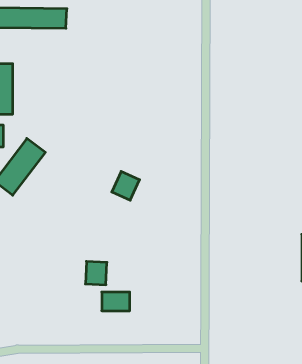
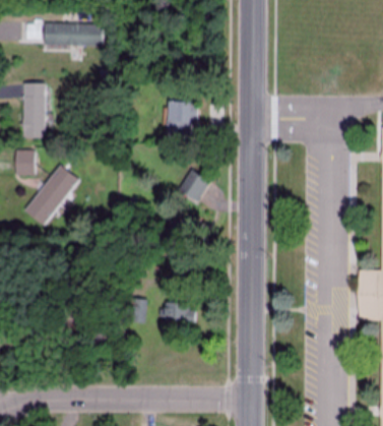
building: none -> [167,101,197,139]
building: [112,171,140,200] -> [180,170,210,201]
building: [102,292,130,311] -> [166,304,196,324]

